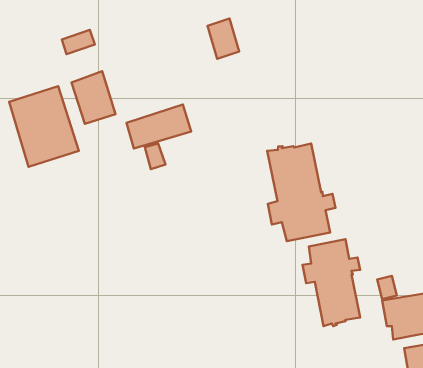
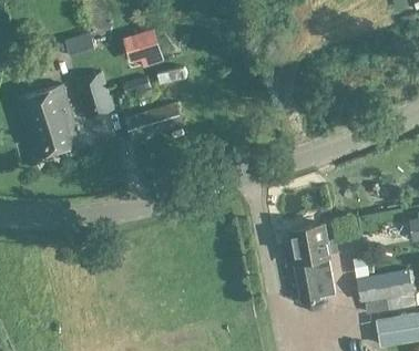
building: [207,19,239,59] -> [133,30,162,66]
building: [267,144,335,241] -> none

